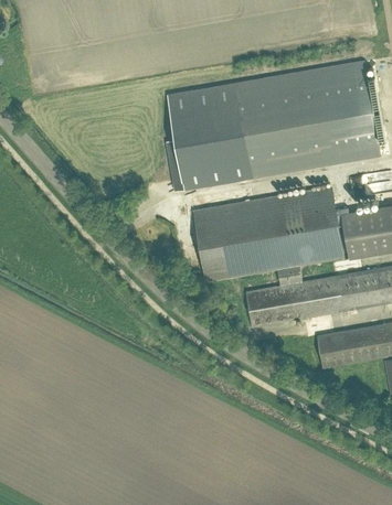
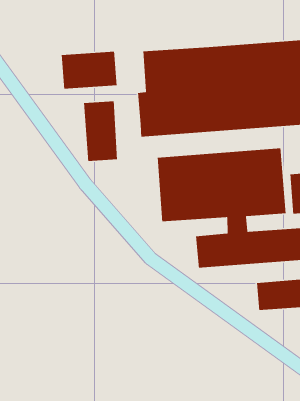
building: none -> [61,51,118,90]
building: none -> [83,100,118,162]

